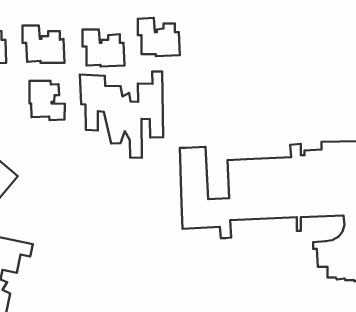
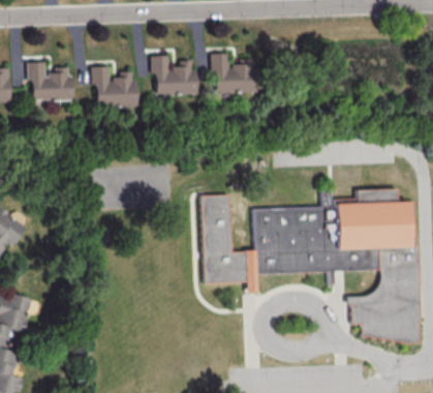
building: none -> [214,54,259,95]
building: [80,71,163,158] -> none
building: [29,81,65,120] -> none

